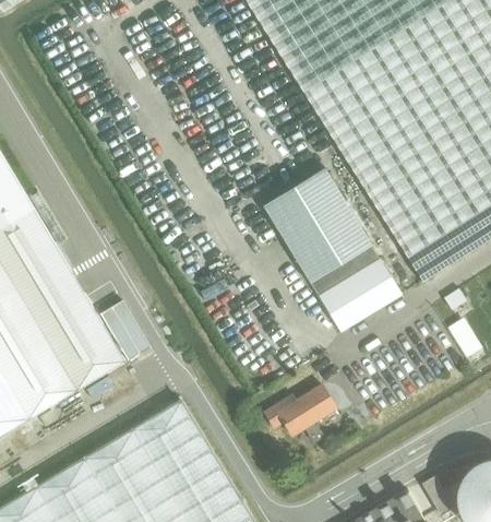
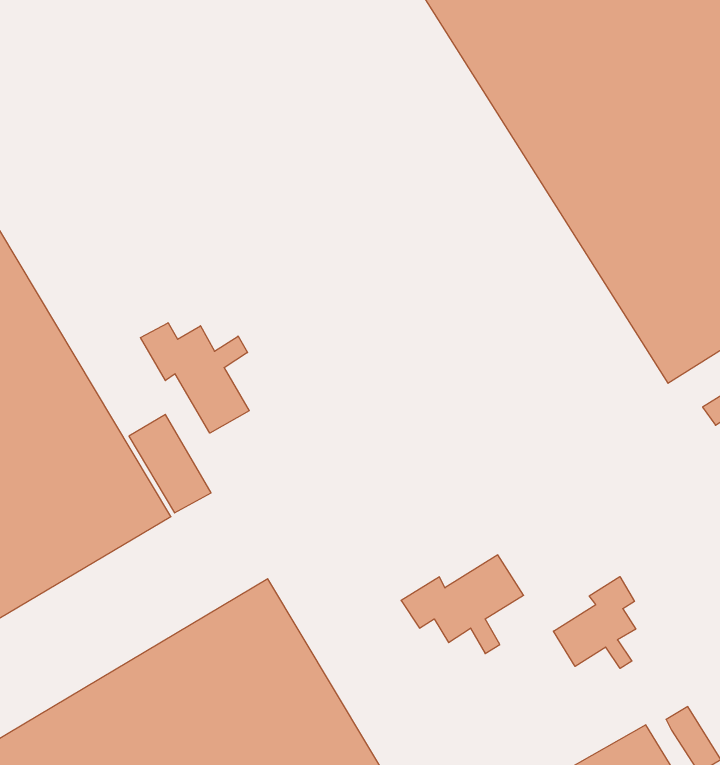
building: [262,168,402,333] -> none
building: none -> [140,323,249,433]
building: none -> [553,577,636,668]

